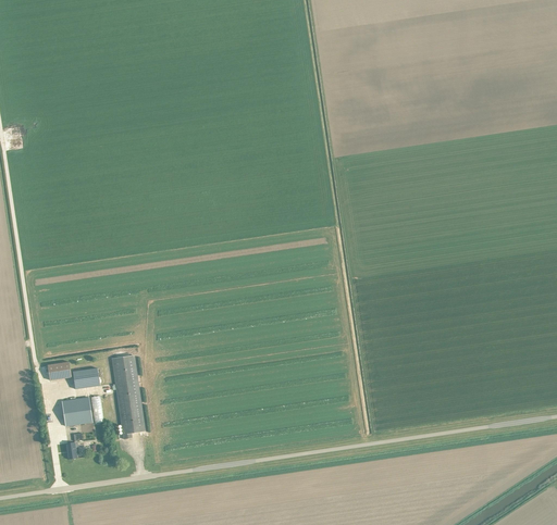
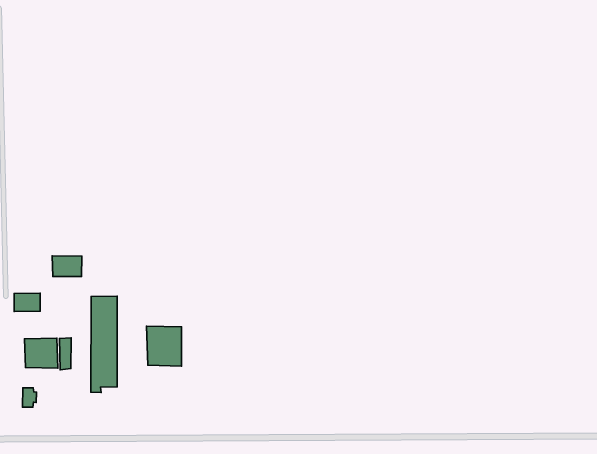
building: [72,367,99,388] -> [52,256,82,277]
building: none -> [147,326,182,366]

